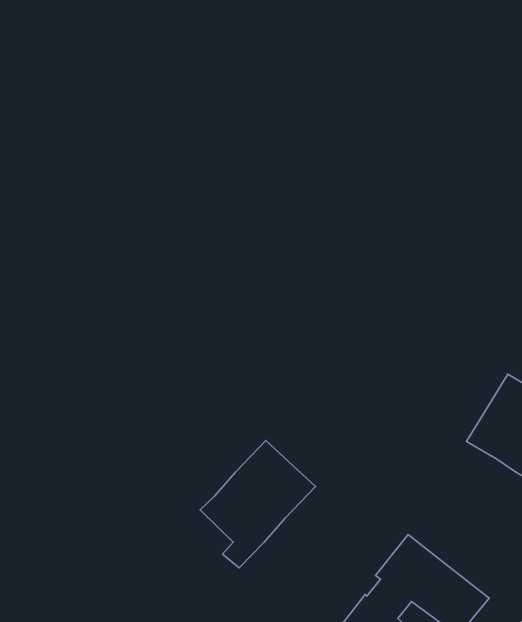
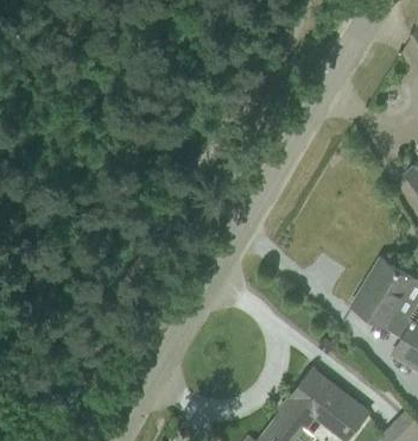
building: [200,440,315,568] -> none

